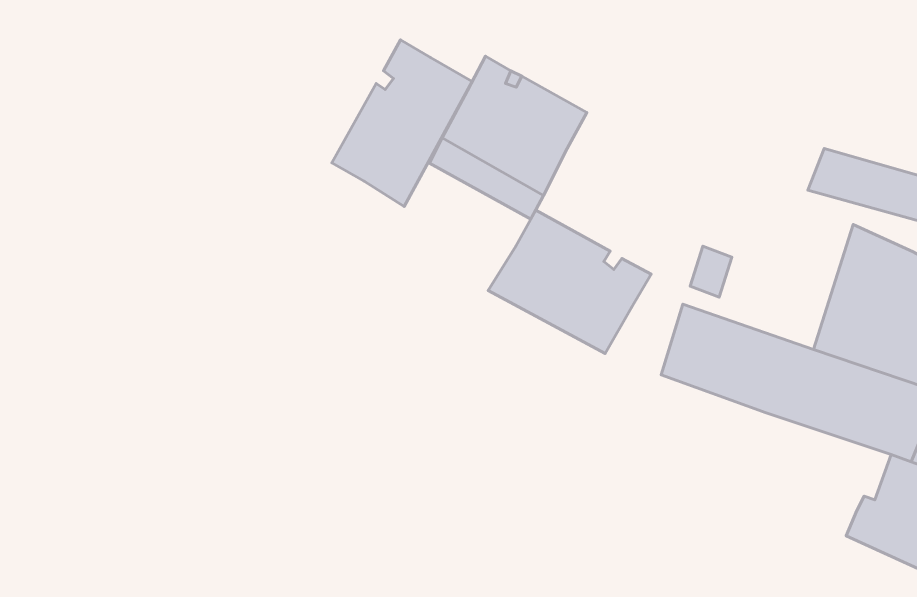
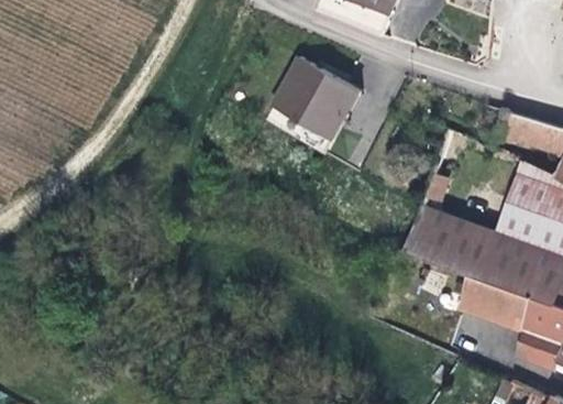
building: [332,40,472,206] -> none
building: [488,210,651,354] -> none
building: none -> [457,273,544,332]

